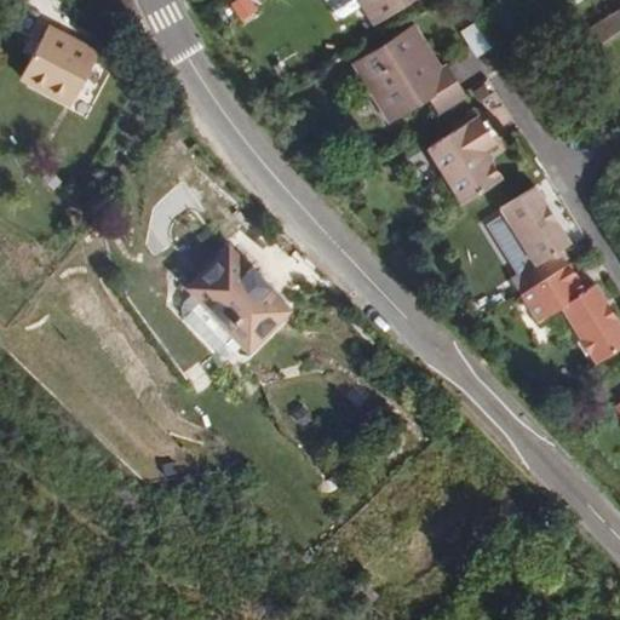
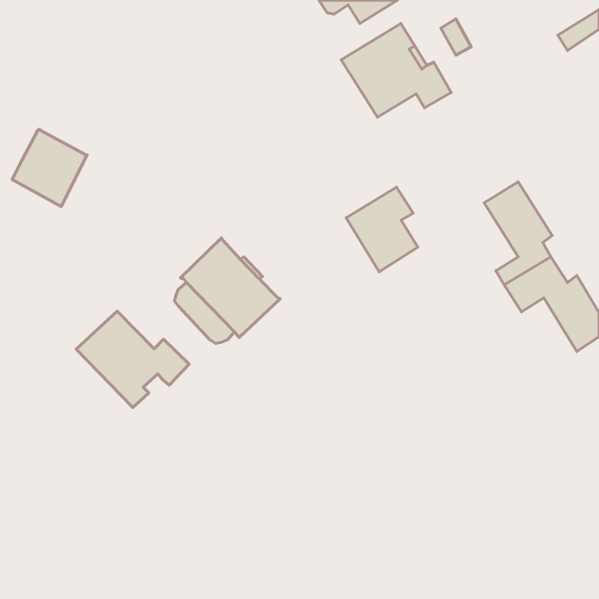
building: [21,25,98,105] -> [12,129,87,206]
building: [427,116,501,203] -> [346,187,418,272]
building: none -> [76,311,189,407]

